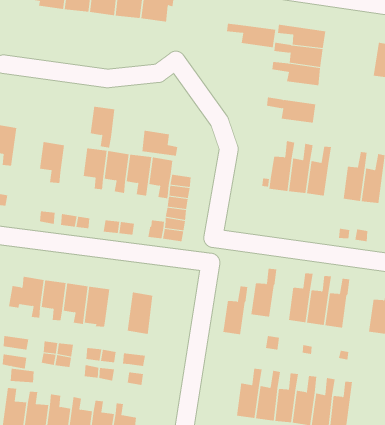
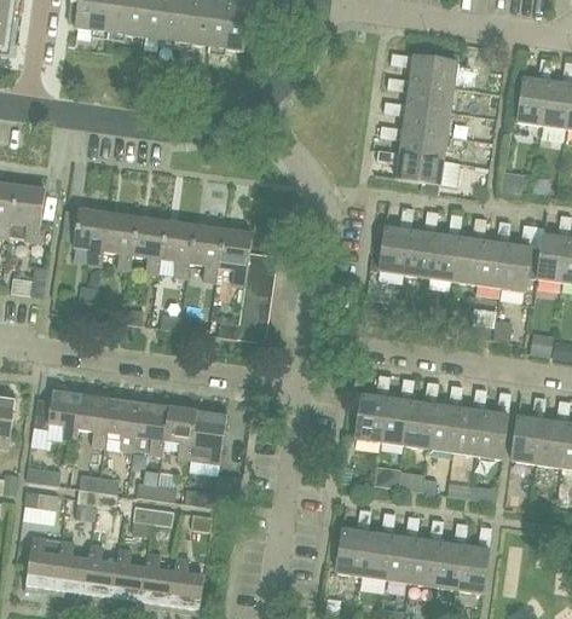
building: [226,23,276,48] -> [379,126,445,158]
building: [90,106,115,148] -> [103,213,137,268]
building: [142,130,178,156] -> none
building: none -> [452,218,486,284]
building: none -> [476,393,509,458]
building: [223,286,248,335] -> [380,380,414,445]
building: none -> [162,404,197,459]

